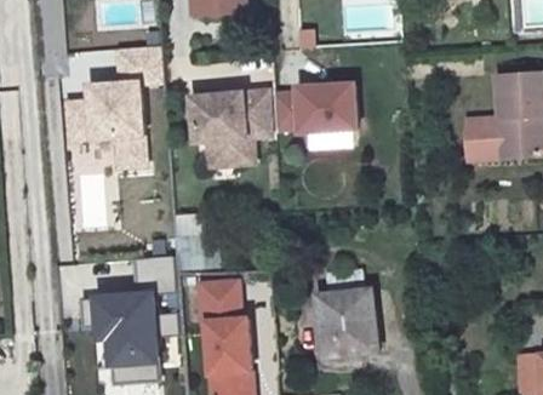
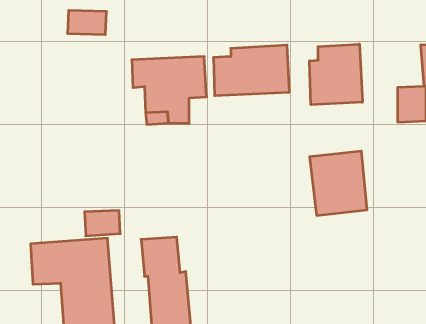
building: [65,75,154,170] -> none
building: none -> [310,44,362,105]
building: [314,288,375,356] -> [310,151,367,215]

